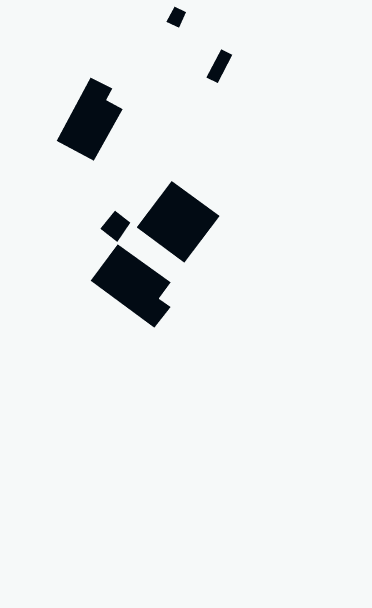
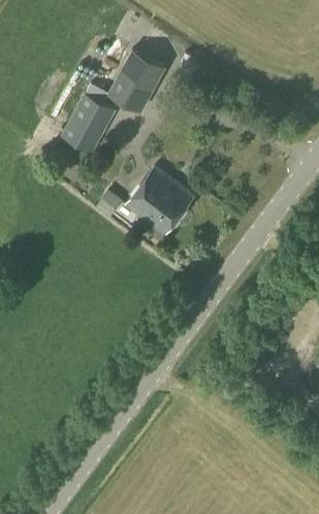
building: none -> [107,49,166,113]
building: [89,243,172,329] -> none

